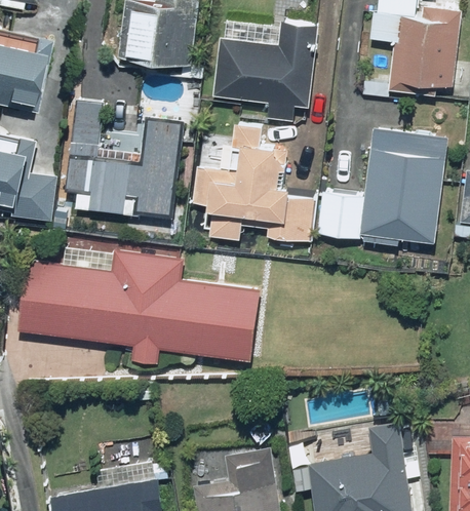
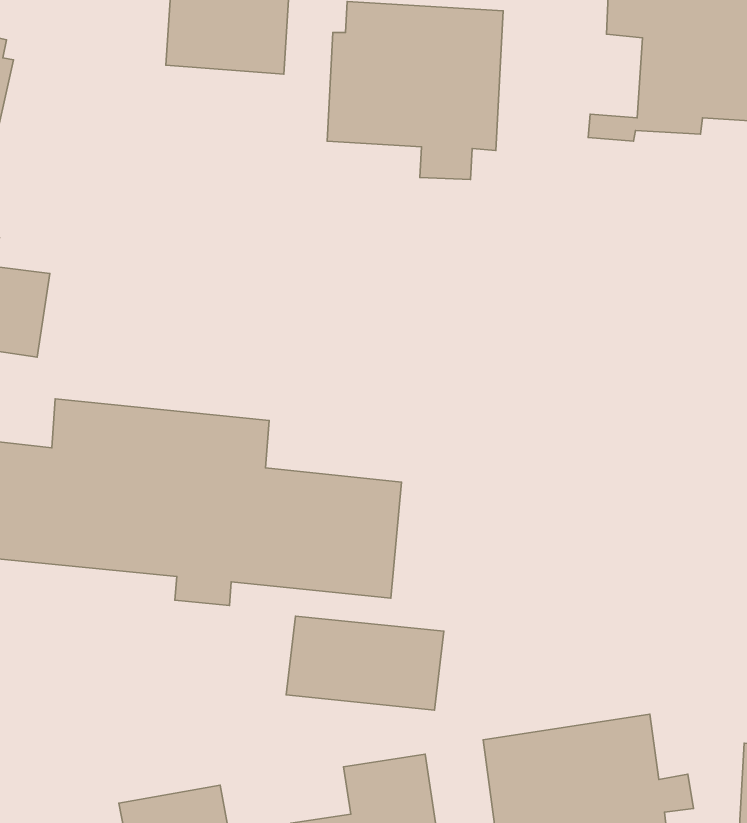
building: [69,104,180,213] -> none
building: [196,127,313,241] -> none
building: [318,131,444,241] -> none
building: none -> [286,616,444,710]

